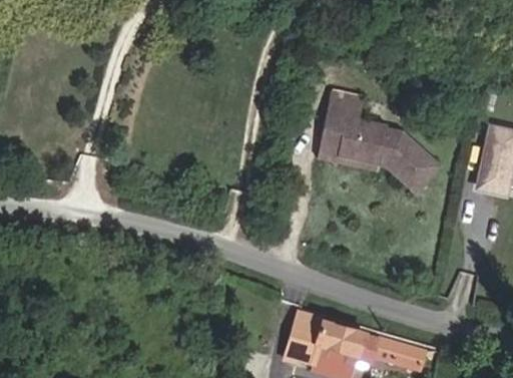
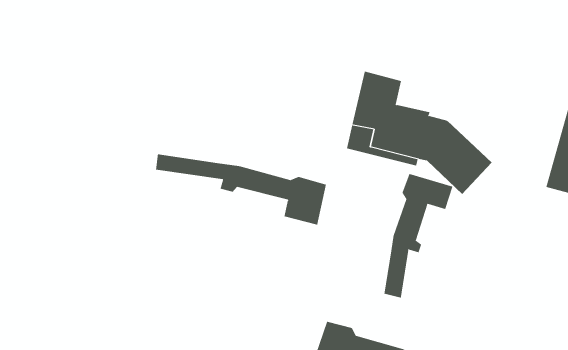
building: none -> [384,173,453,298]
building: none -> [155,154,326,225]

